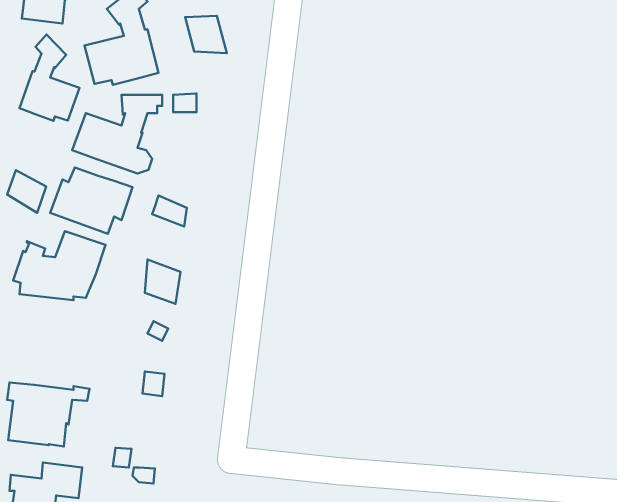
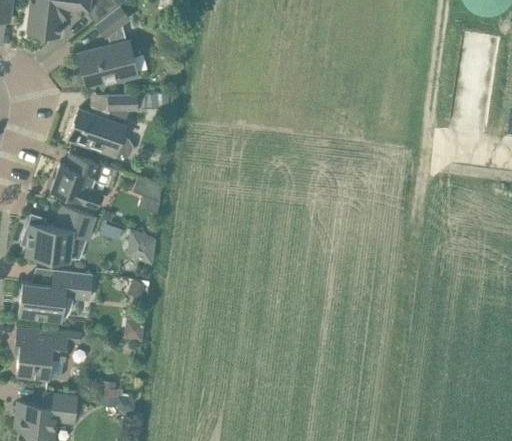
building: [185,16,227,53] -> none
building: [19,34,80,121] -> none
building: [7,170,46,213] -> none
building: none -> [18,271,92,321]

